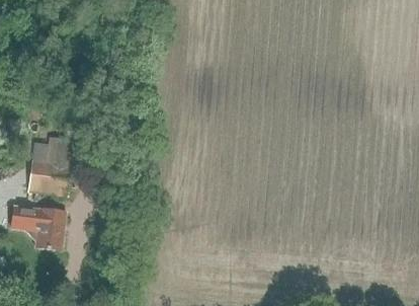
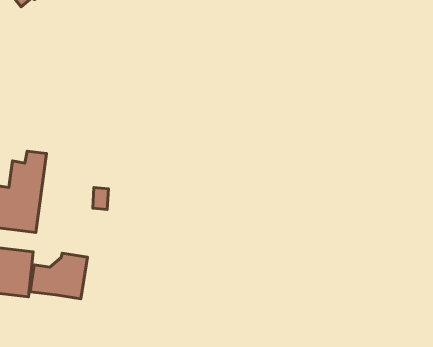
building: none -> [30,253,88,299]

